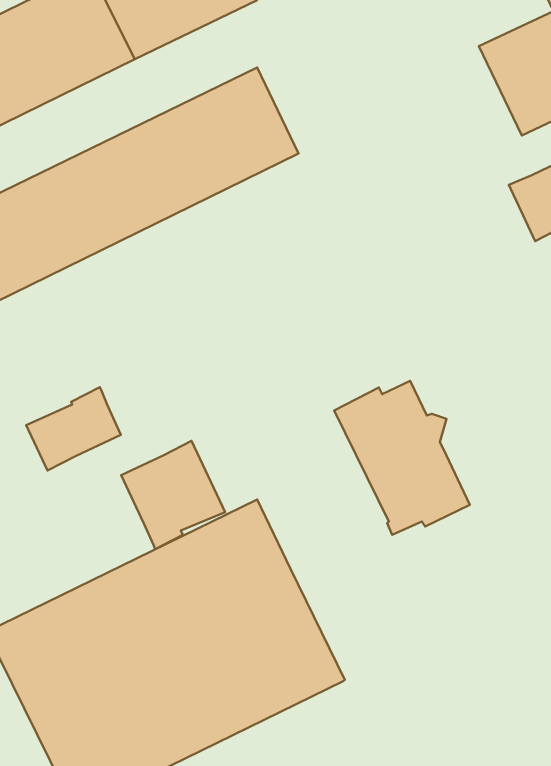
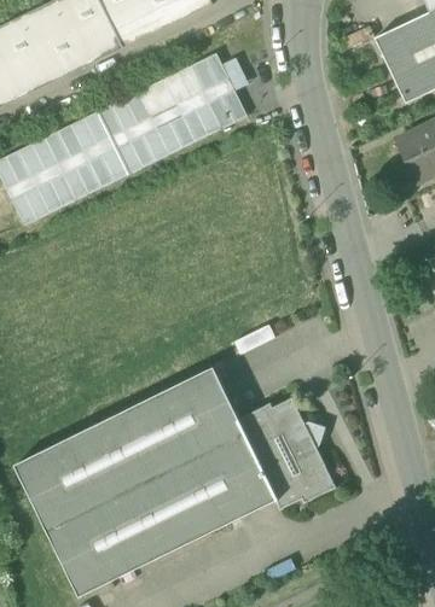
building: [334,381,470,535] -> [238,397,337,509]
building: [26,387,121,471] -> none
building: [121,441,225,549] -> none

